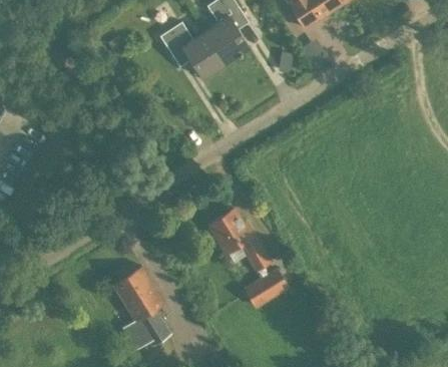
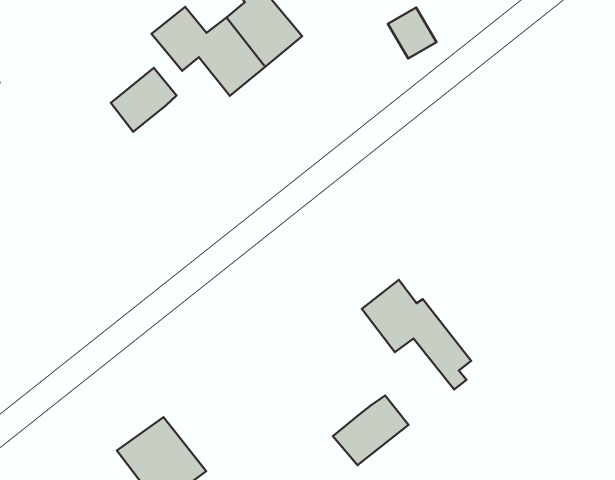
building: none -> [111,68,176,132]
building: [209,209,272,278] -> [362,280,471,390]

